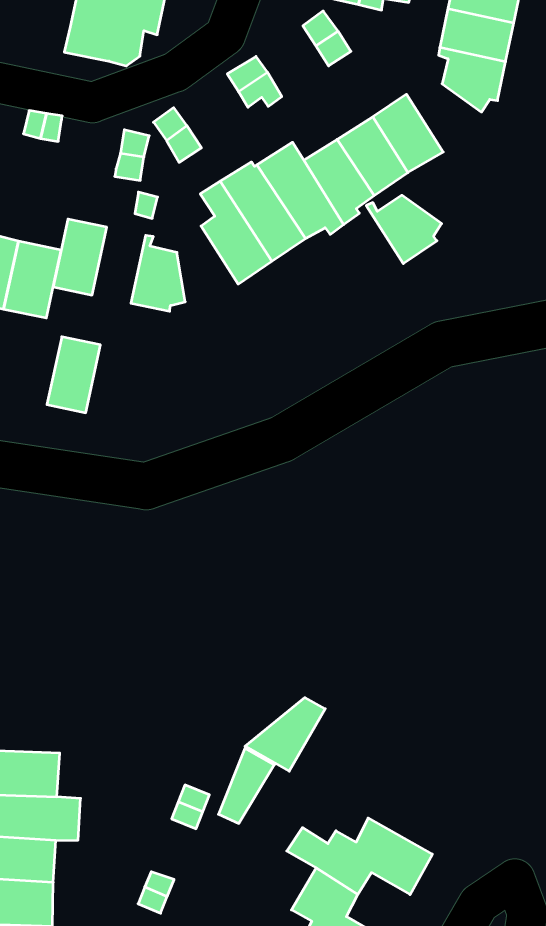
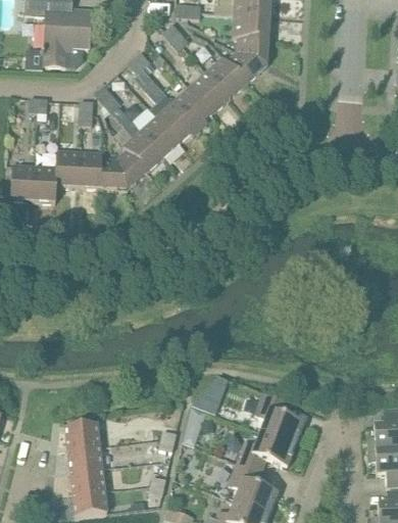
building: [366,195,442,264] -> [220,51,260,86]
building: none -> [116,143,150,183]
building: [47,337,100,413] -> [77,151,99,188]
building: none -> [254,392,304,444]

